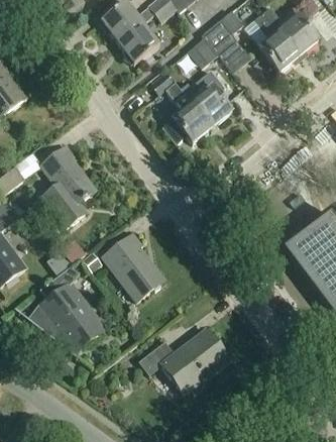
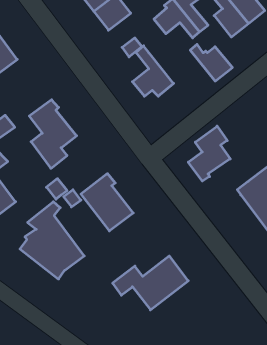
building: [182,82,231,125] -> [190,44,232,81]
building: none -> [188,126,230,181]

